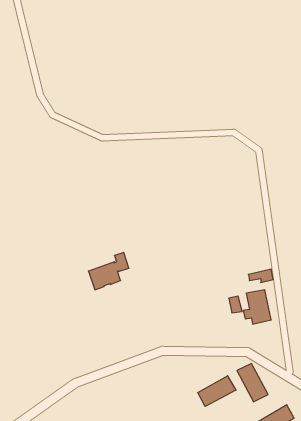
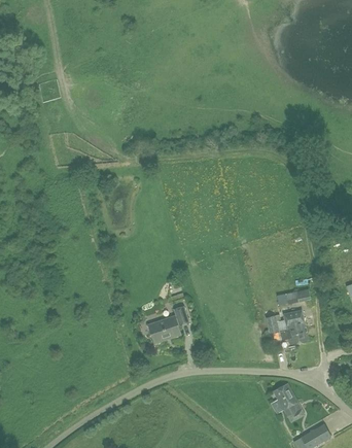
building: [88,252,129,290] -> [147,306,187,343]
building: [198,376,236,406] -> none

